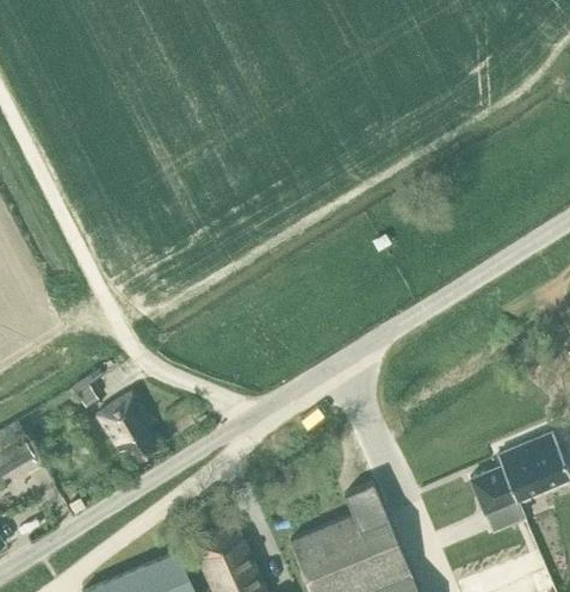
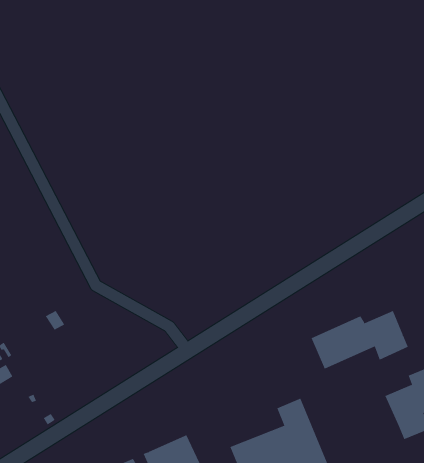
building: none -> [311,310,409,370]
building: [97,395,160,468] -> none

